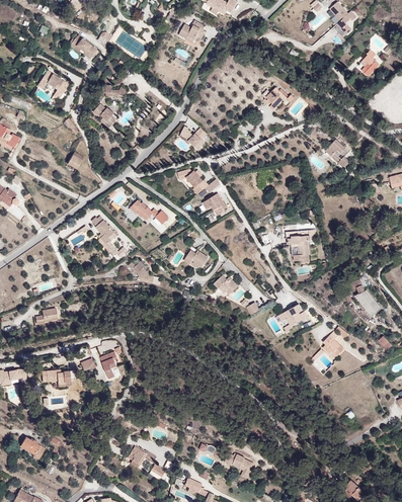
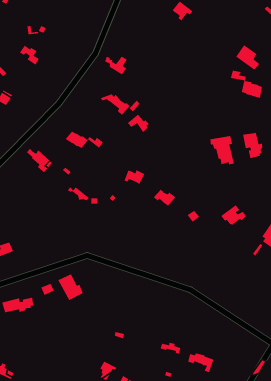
building: none -> [230,70,263,99]
building: none -> [242,132,263,159]

